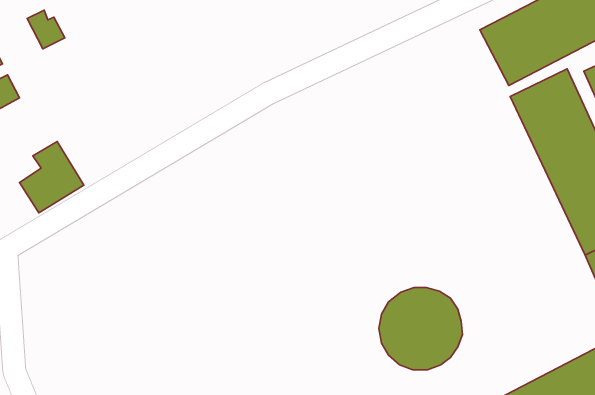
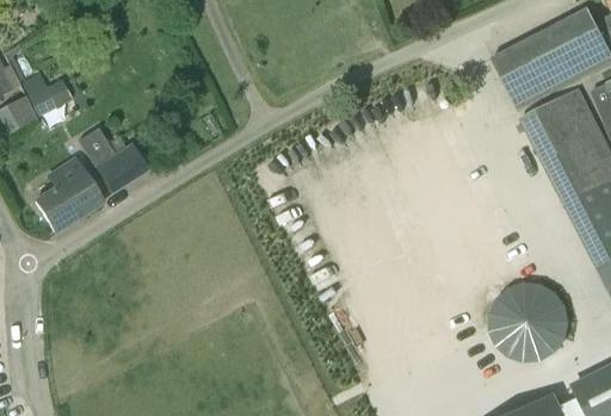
building: [27,10,65,49] -> [25,79,62,117]
building: none -> [81,135,150,197]
building: [379,287,463,370] -> [487,280,569,361]

